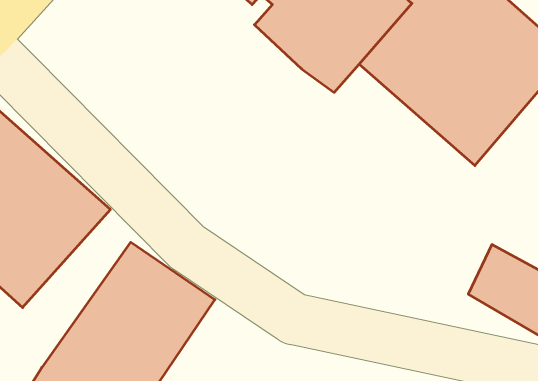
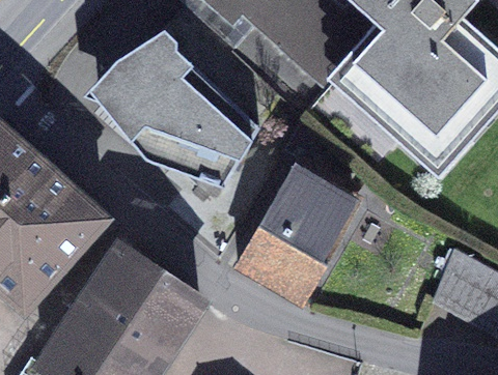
building: none -> [99,34,257,188]
building: none -> [238,157,354,290]

